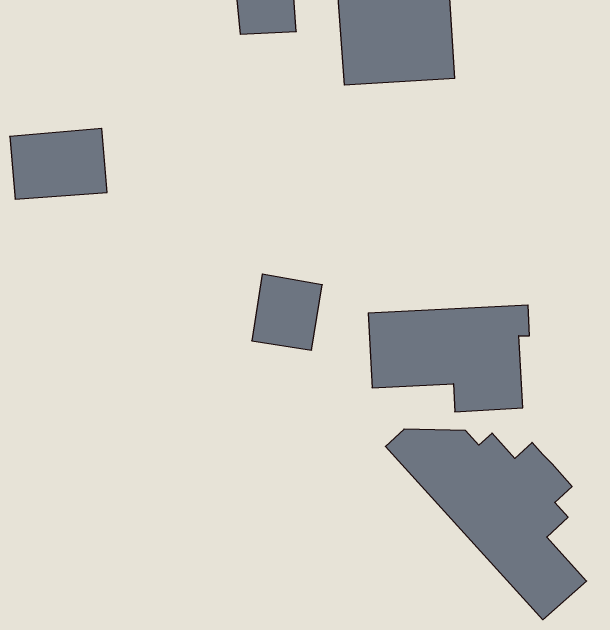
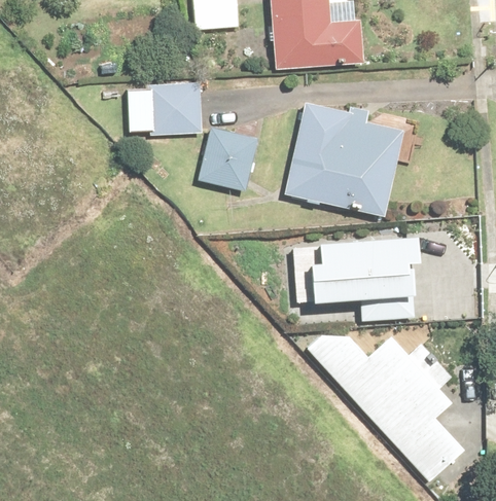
building: [10,128,107,199] -> [128,82,203,137]
building: none -> [285,104,401,215]
building: [252,274,322,350] -> [200,130,254,188]

